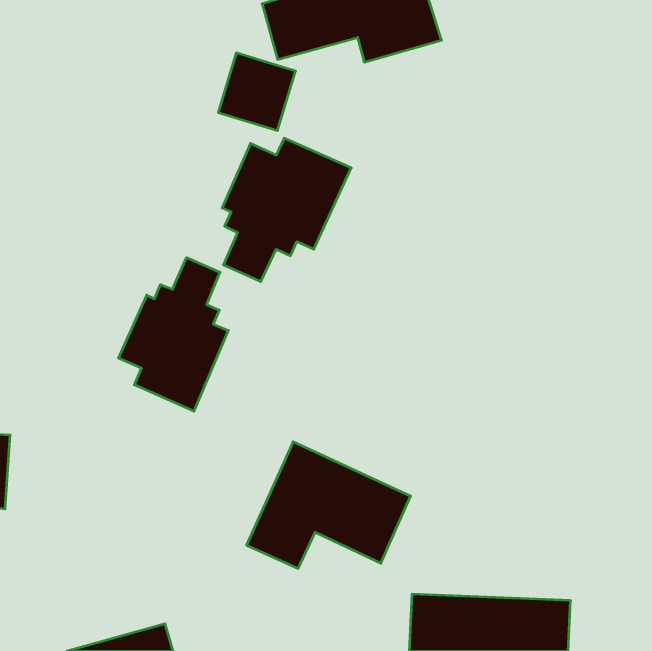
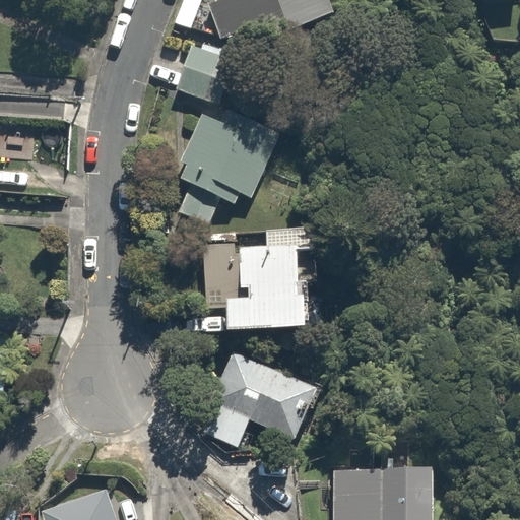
building: [119,258,228,411] -> none
building: none -> [206,224,319,336]

